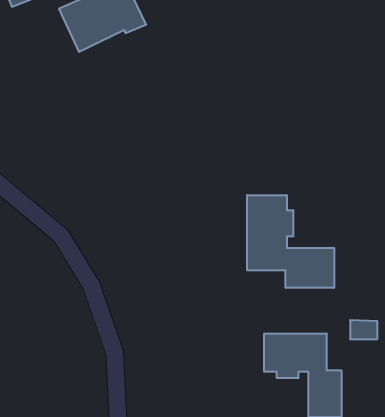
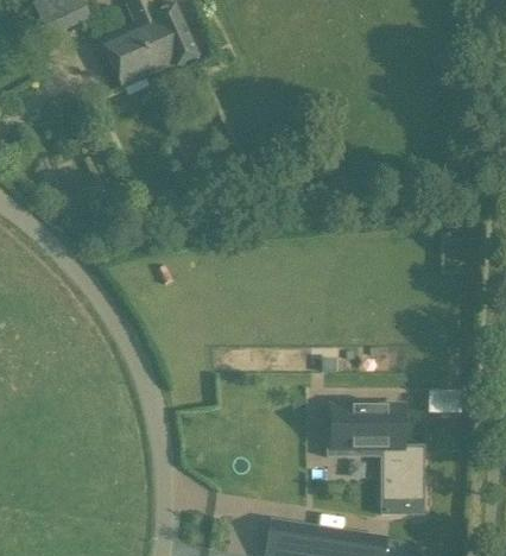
building: [247,195,334,288] -> none

